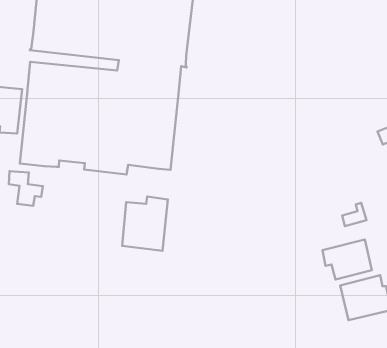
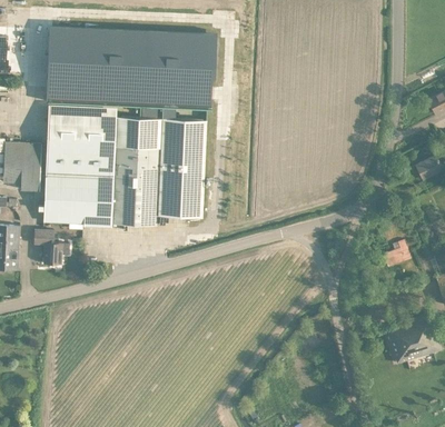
building: [122,197,168,251] -> none
building: [322,240,372,279] -> none

